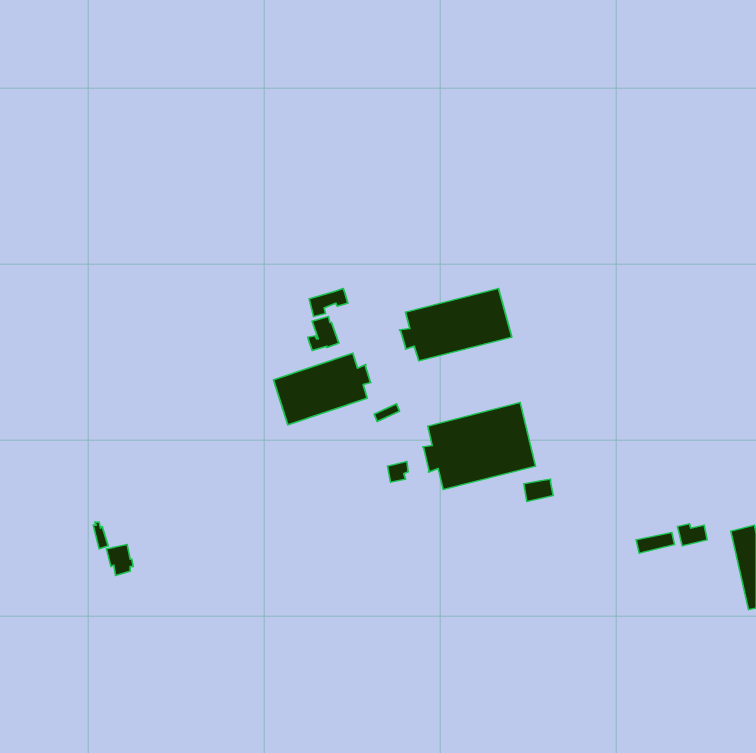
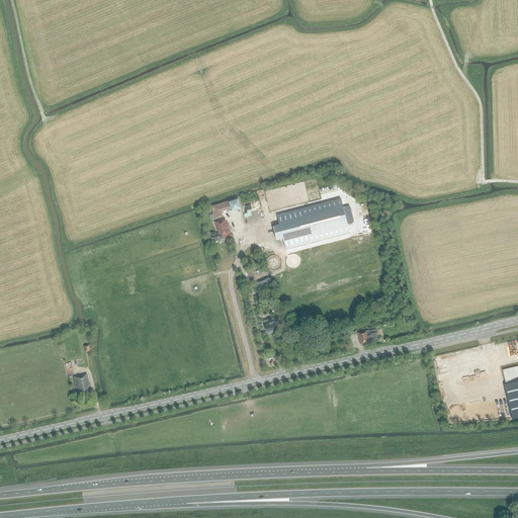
building: [274,353,371,425] -> none
building: [423,403,535,489] -> none

